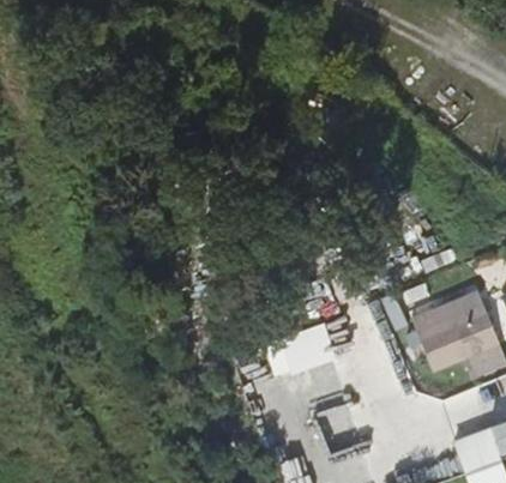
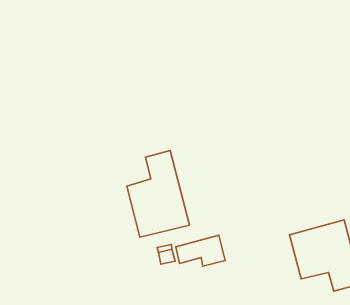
building: none -> [127,151,190,237]

